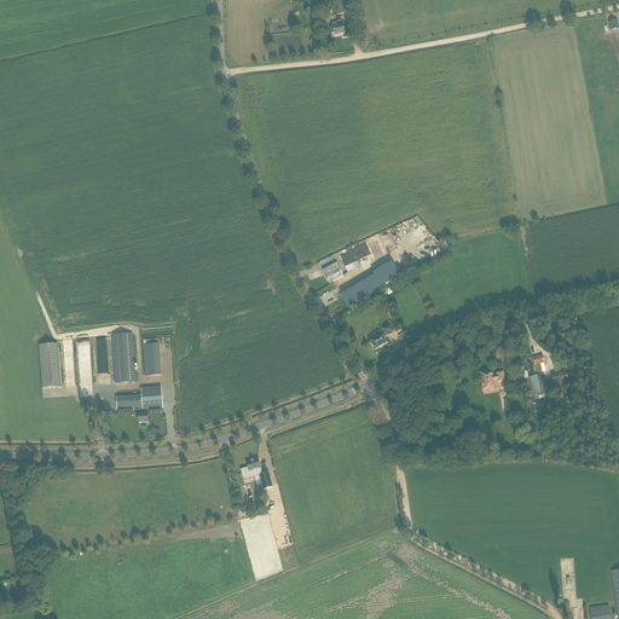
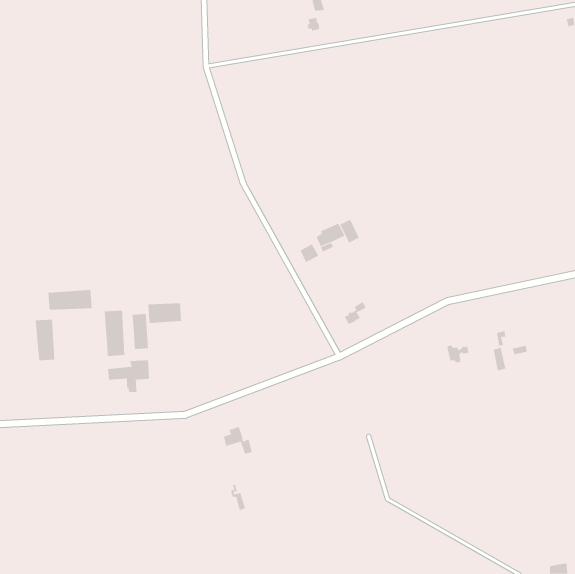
building: [340,260,398,306] -> none
building: none -> [48,289,92,311]
building: none -> [148,303,182,324]

